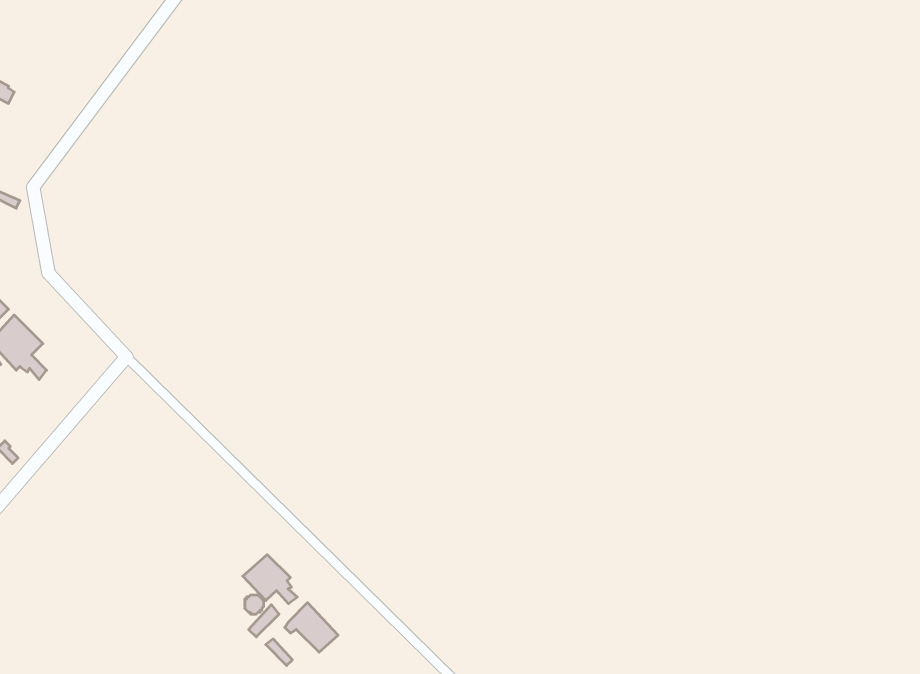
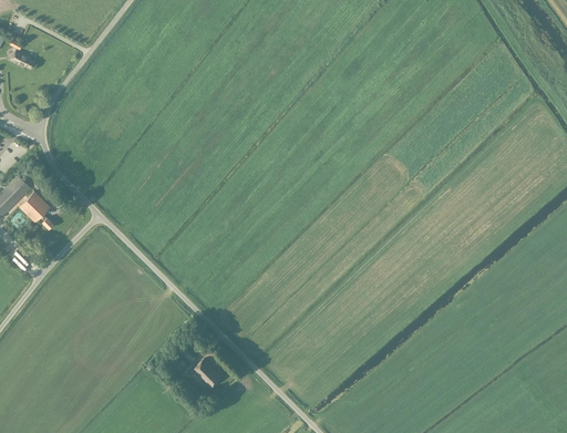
building: [243,555,297,604] -> none

